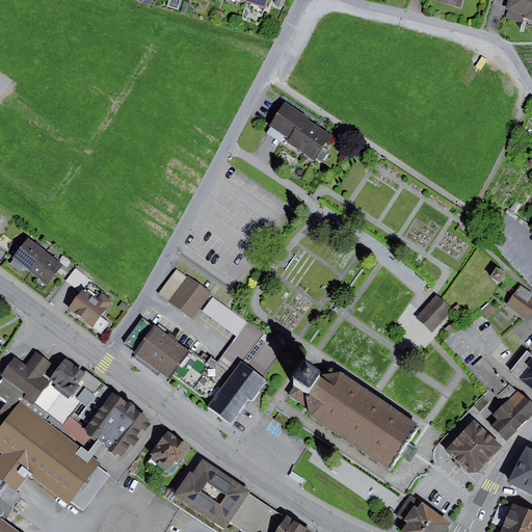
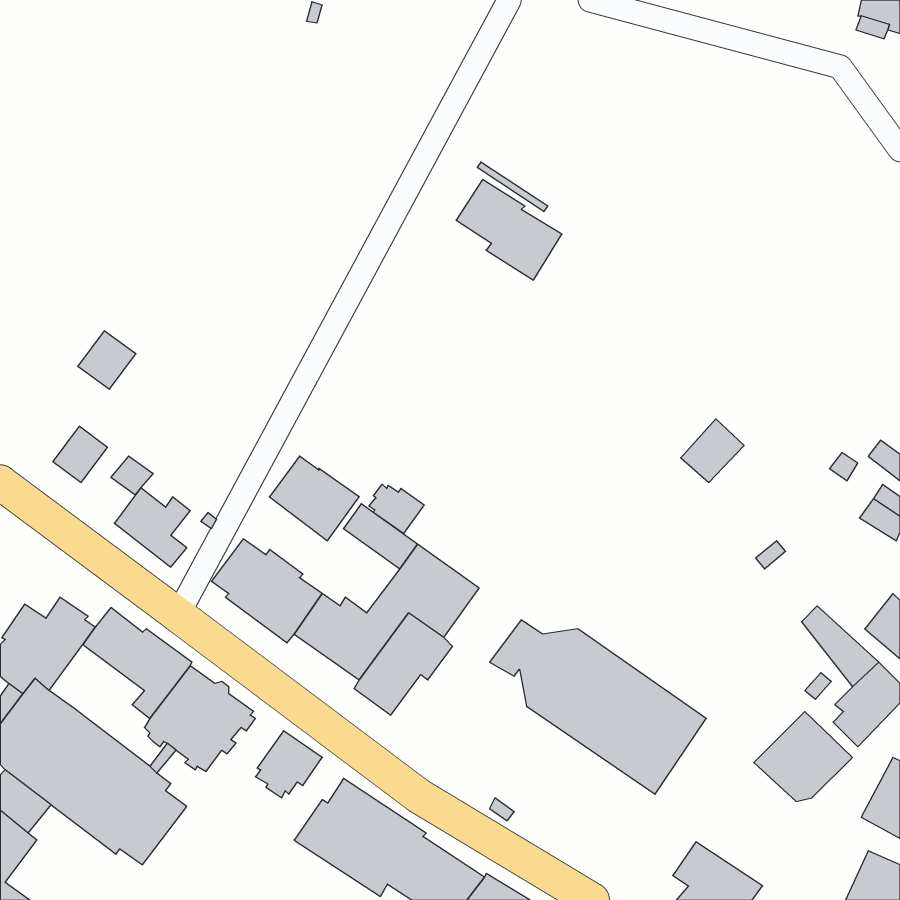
building: [12,238,47,272] -> [78,331,136,389]
building: none -> [369,484,424,533]
building: [416,294,453,331] -> [681,419,744,482]
building: [29,380,90,446] -> none

